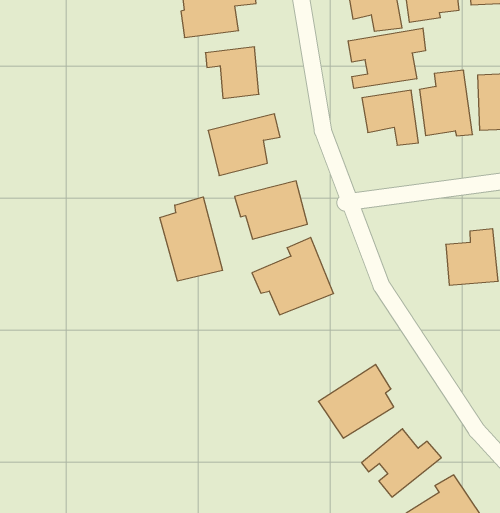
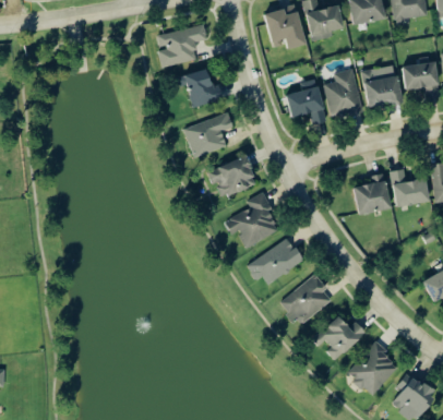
building: [348,28,425,88] -> none
building: [160,197,223,281] -> none
building: none -> [243,240,300,286]

